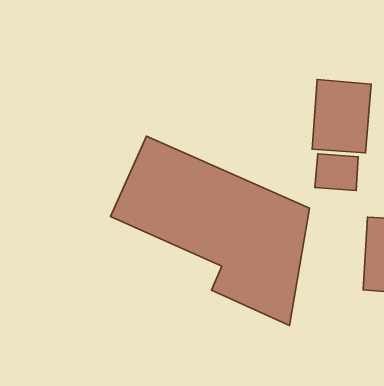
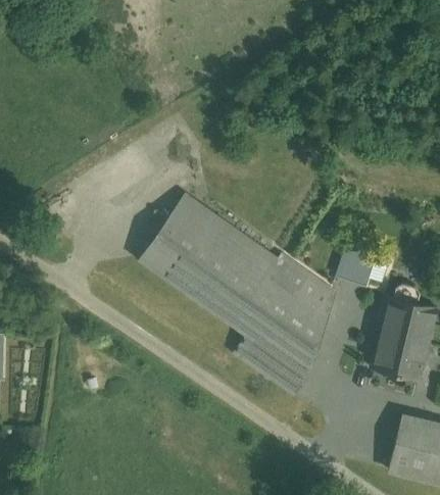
building: [312,79,371,153] -> none

